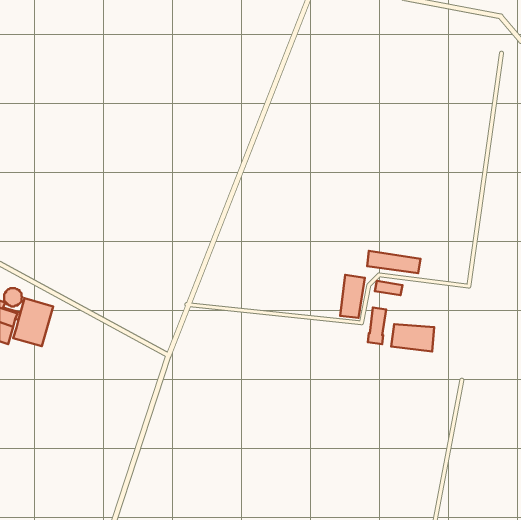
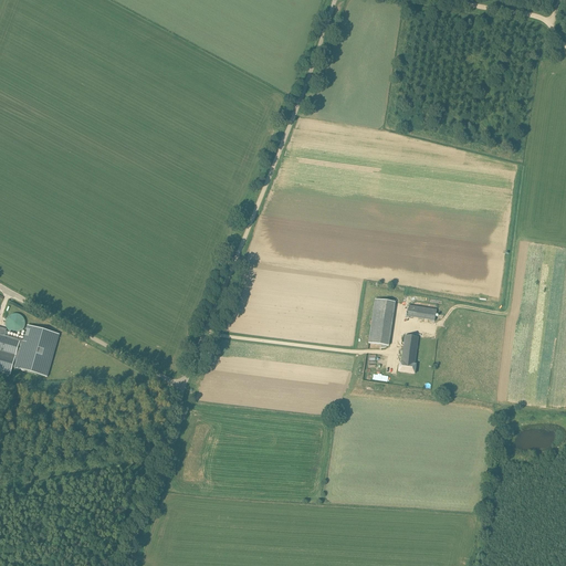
building: [367,251,421,273] -> none
building: [391,324,434,351] -> none

